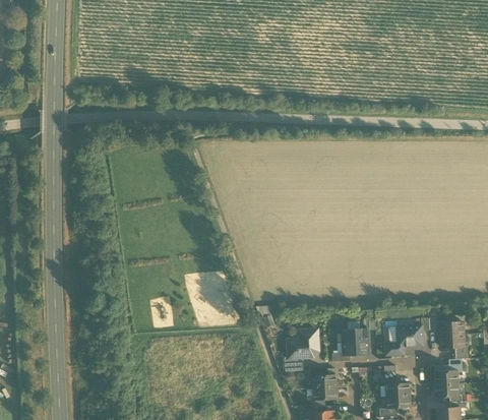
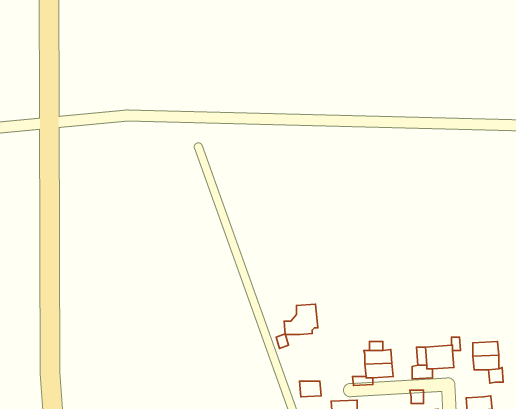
building: [289,331,319,358] -> [284,304,318,335]

